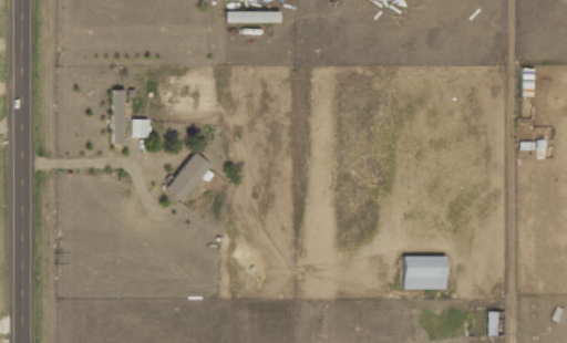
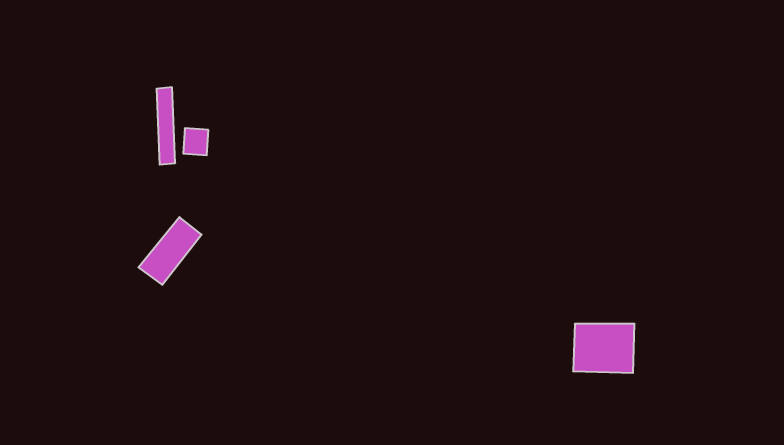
building: [167,153,212,200] -> [138,217,202,285]

